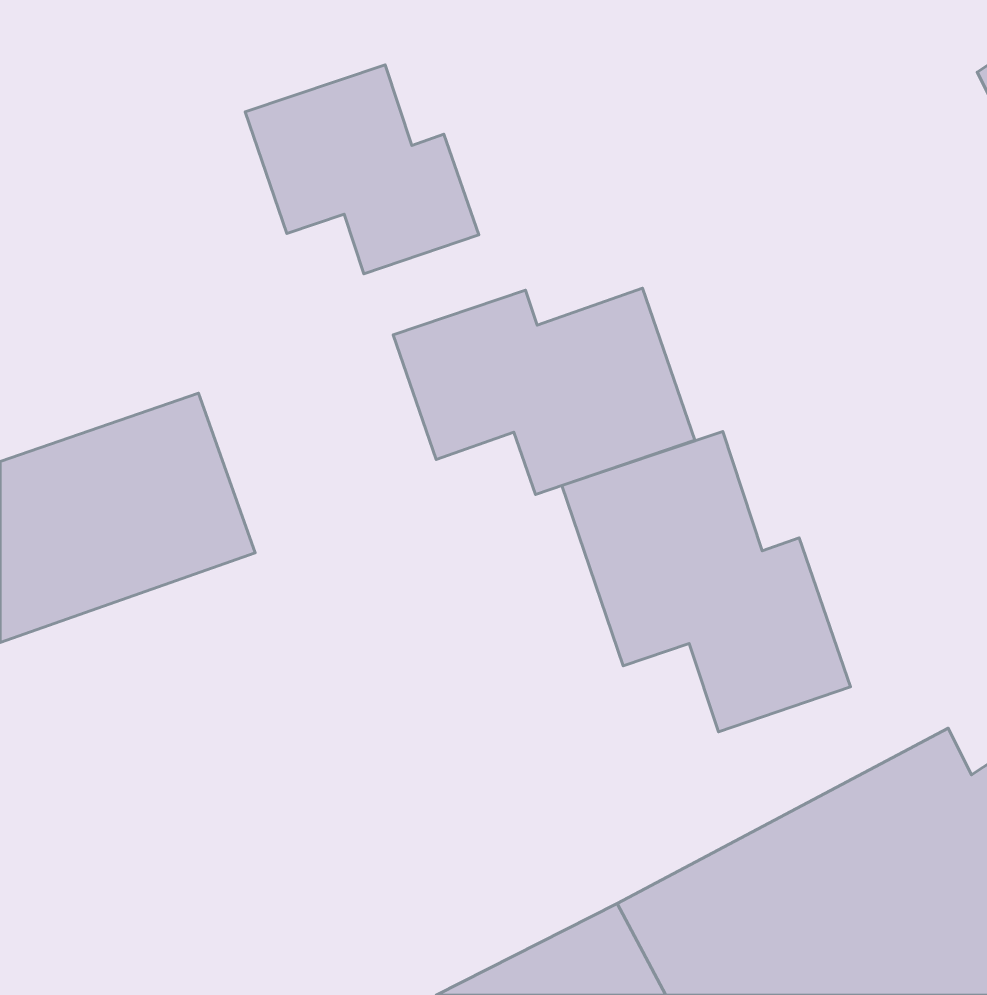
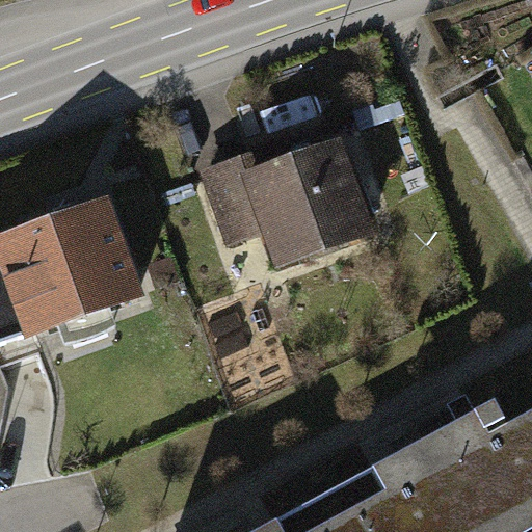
building: [245,65,479,274] -> none
building: [562,431,851,732] -> none

